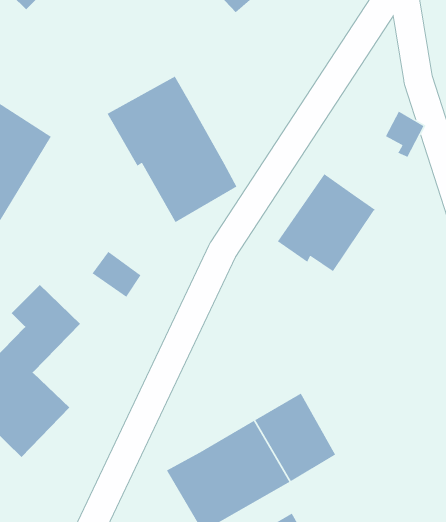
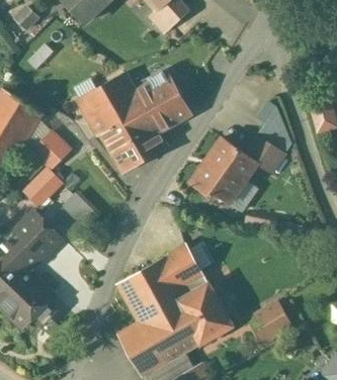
building: none -> [135,75,189,132]
building: none -> [26,125,78,205]
building: none -> [244,135,283,174]
building: none -> [117,245,207,323]
building: none -> [249,302,291,344]

